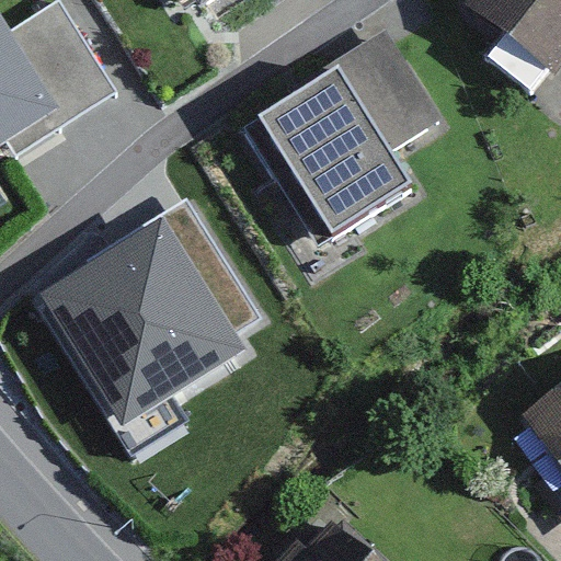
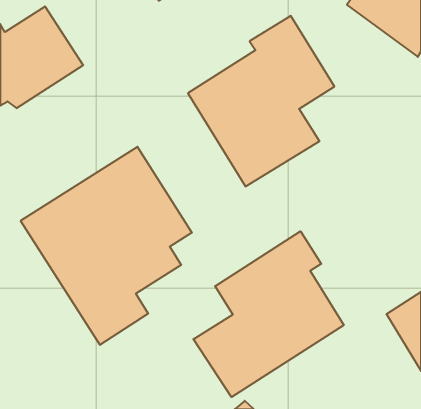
building: none -> [193,231,344,397]

